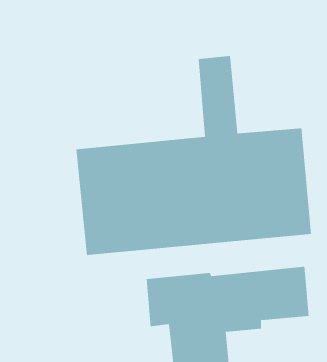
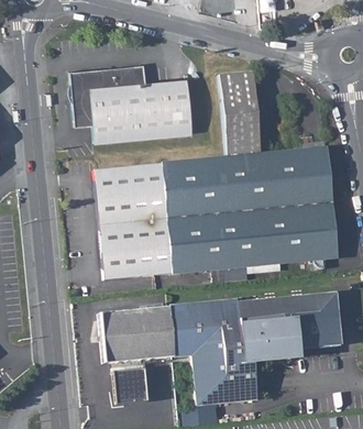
building: none -> [72,64,191,142]
building: none -> [99,307,173,363]

